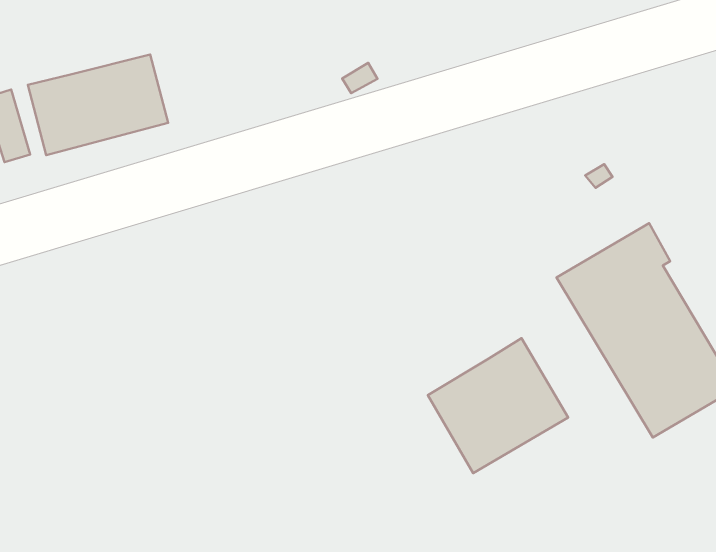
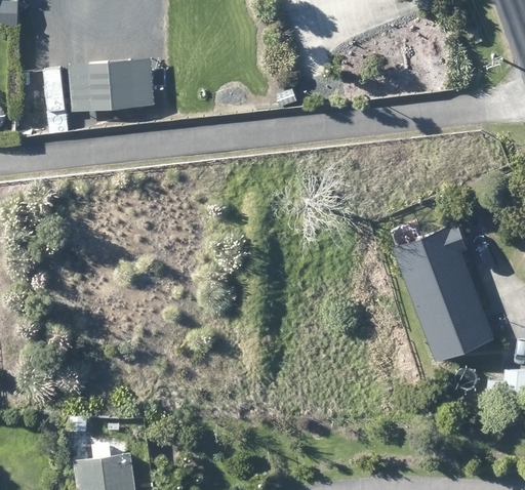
building: [428,338,568,473] -> none

